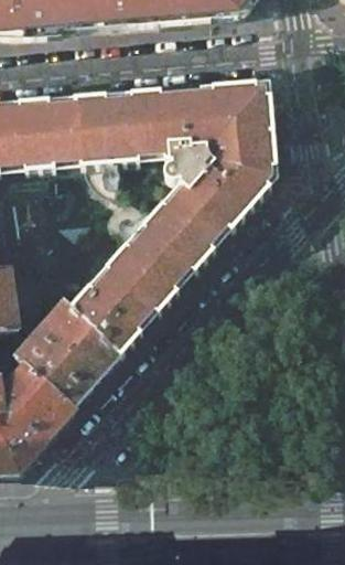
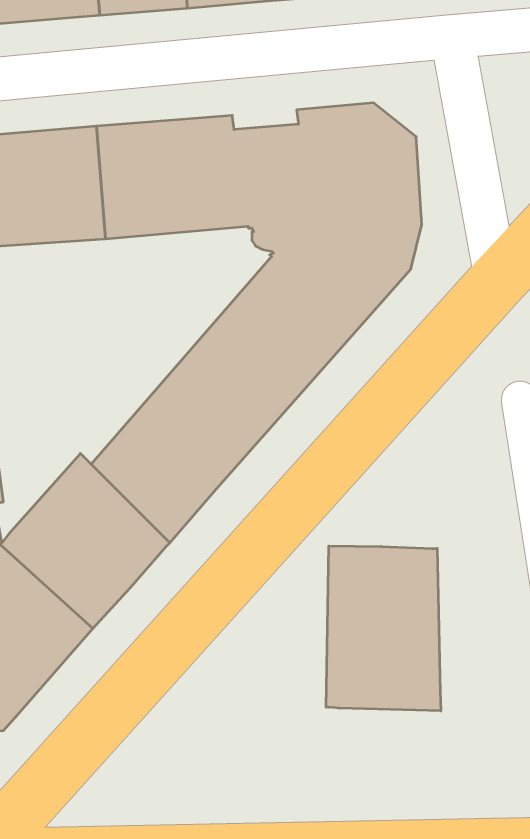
building: none -> [326,546,441,711]

